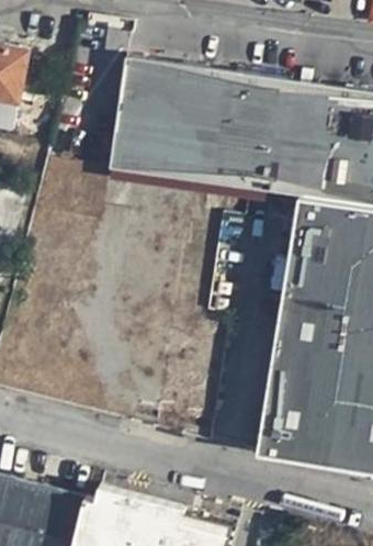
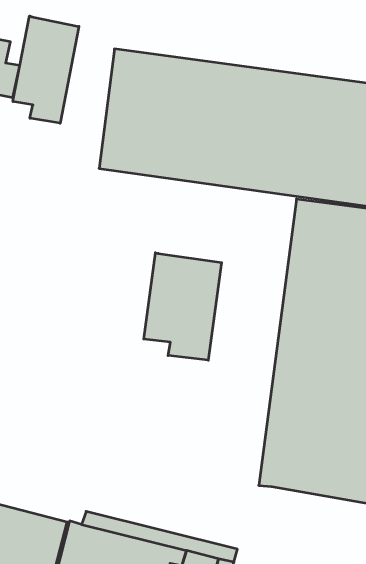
building: none -> [13,16,79,123]
building: none -> [144,253,222,360]

